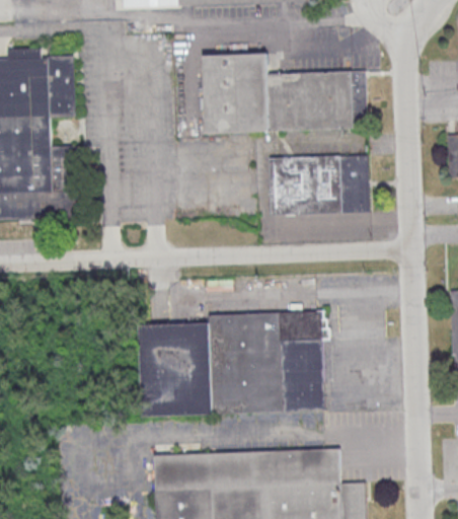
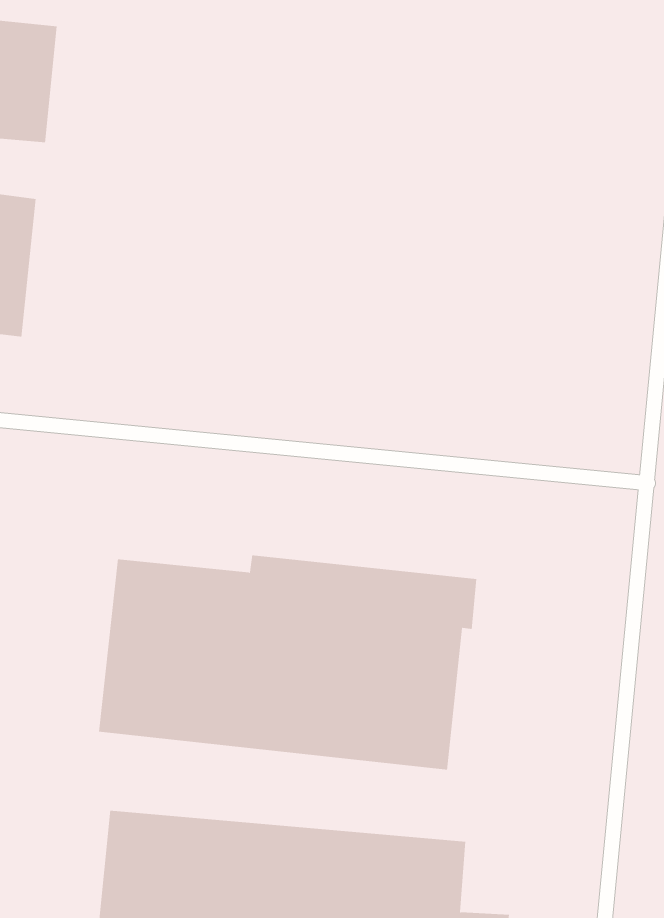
building: [202,54,367,133] -> none
building: [268,156,369,214] -> none

